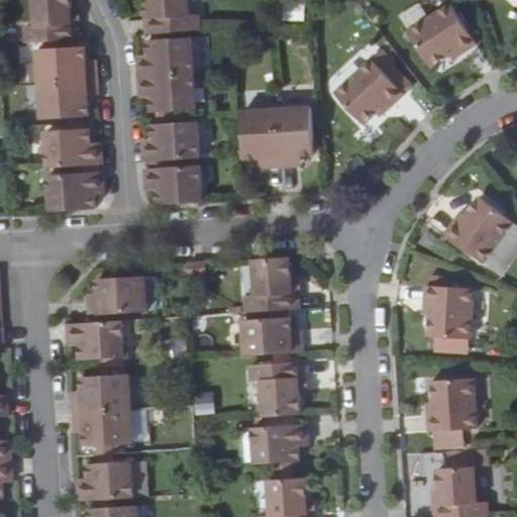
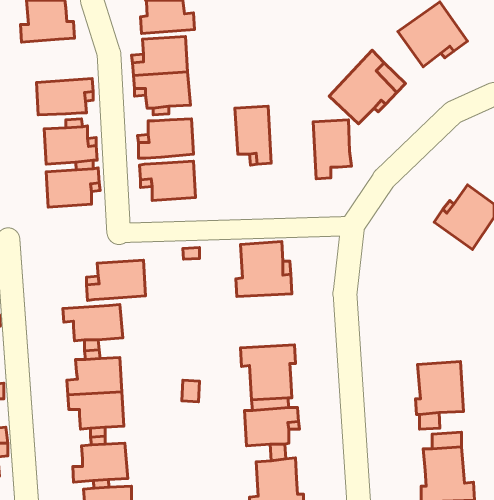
building: [35,47,95,87] -> none
building: [276,109,315,170] -> [313,120,352,179]
building: [430,282,479,335] -> none
building: [240,312,301,351] -> none

